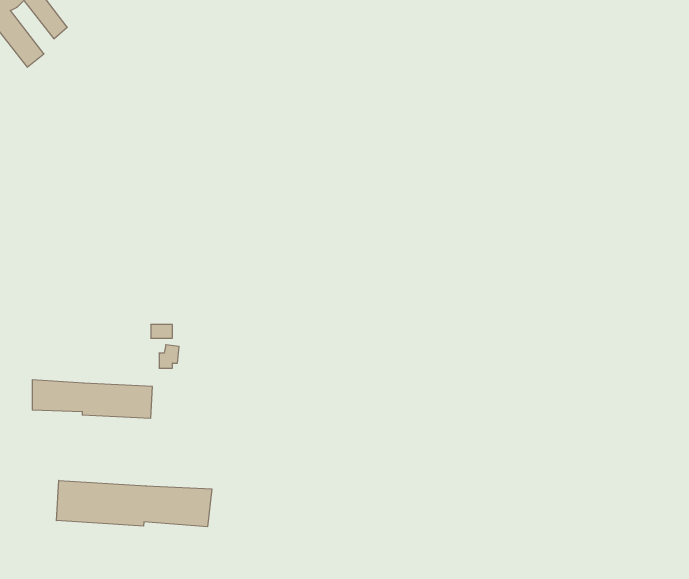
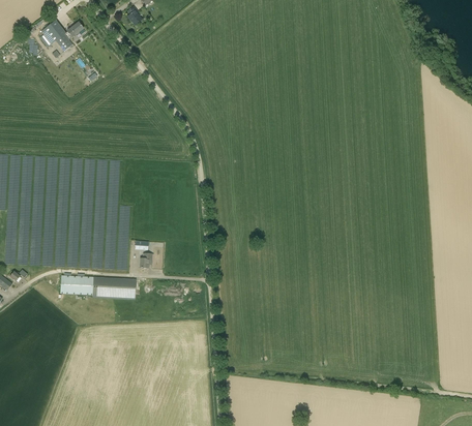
building: [56,480,212,527] -> none

